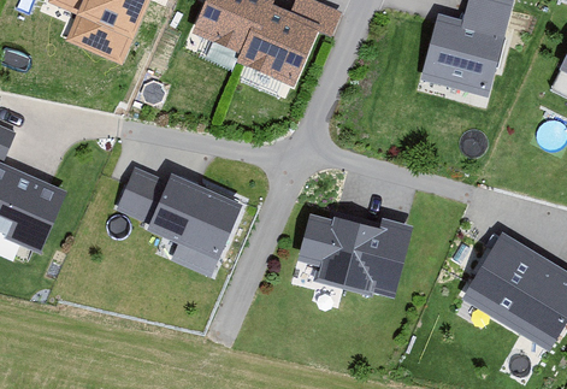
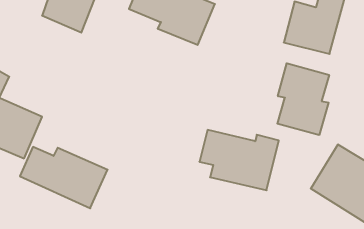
building: none -> [277,63,329,135]
building: [114,169,243,259] -> [20,147,108,208]

